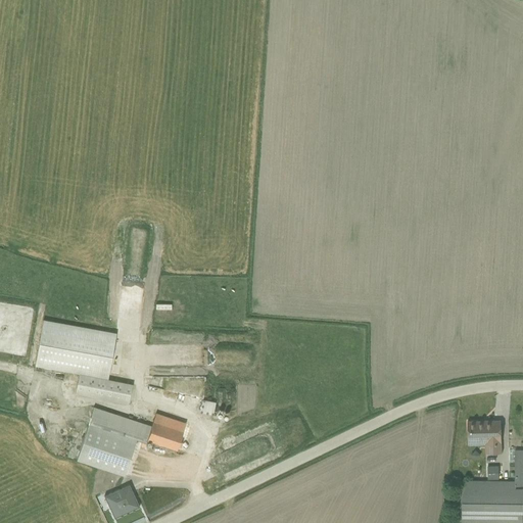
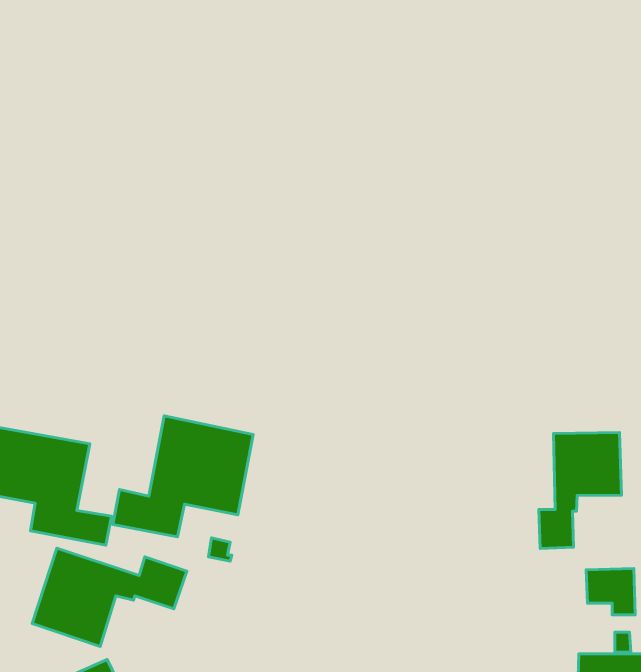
building: none -> [113,416,253,537]
building: none -> [539,432,622,548]

